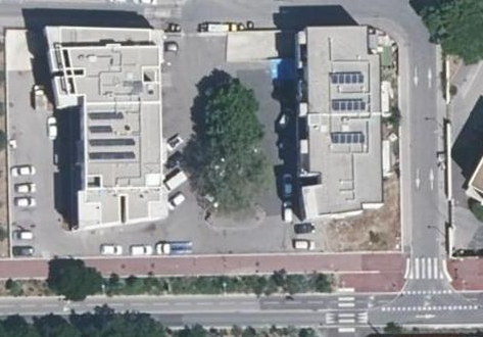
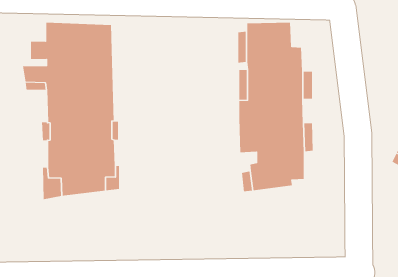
building: [44,26,81,68] -> none

